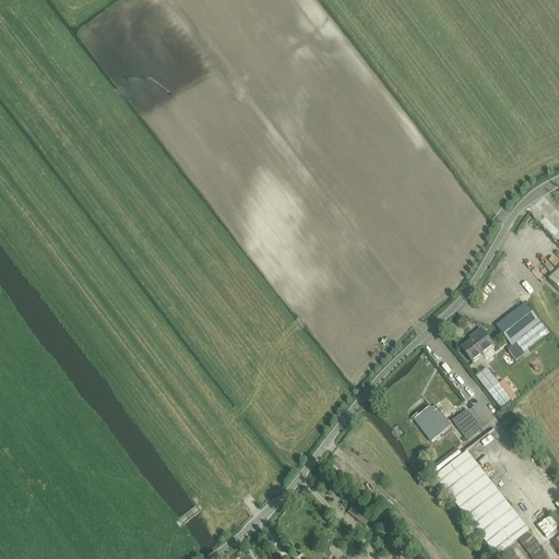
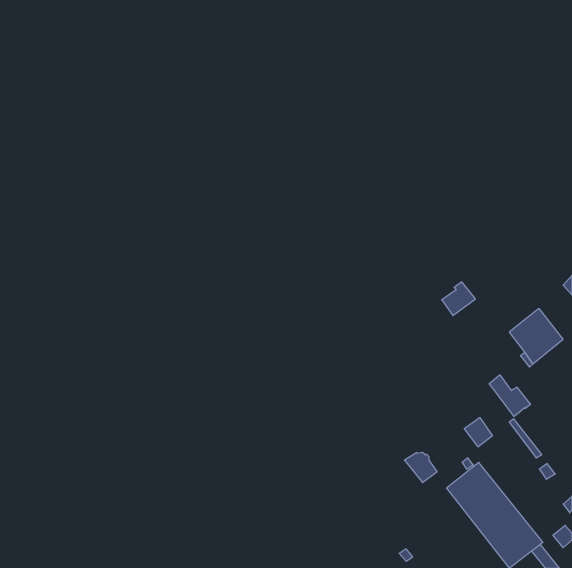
building: [461,328,493,360] -> [442,282,475,316]
building: [418,405,450,435] -> [404,452,437,483]

